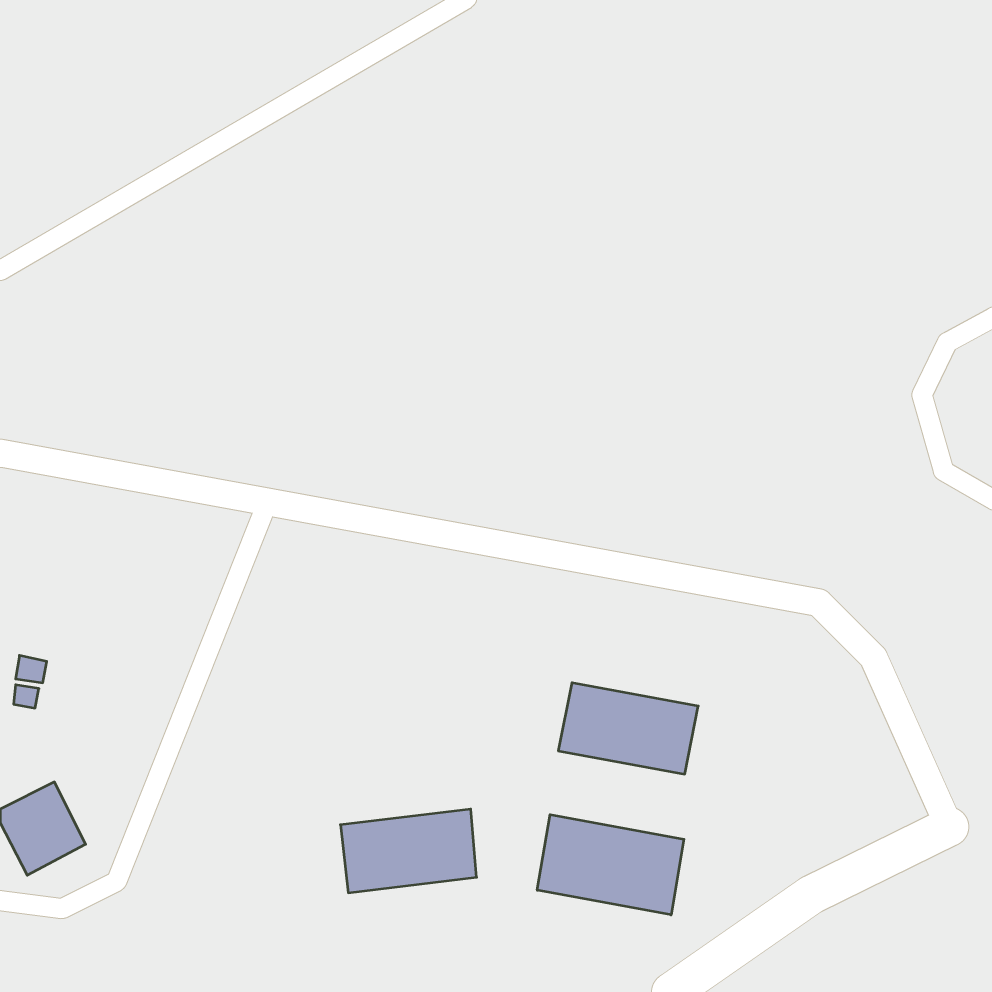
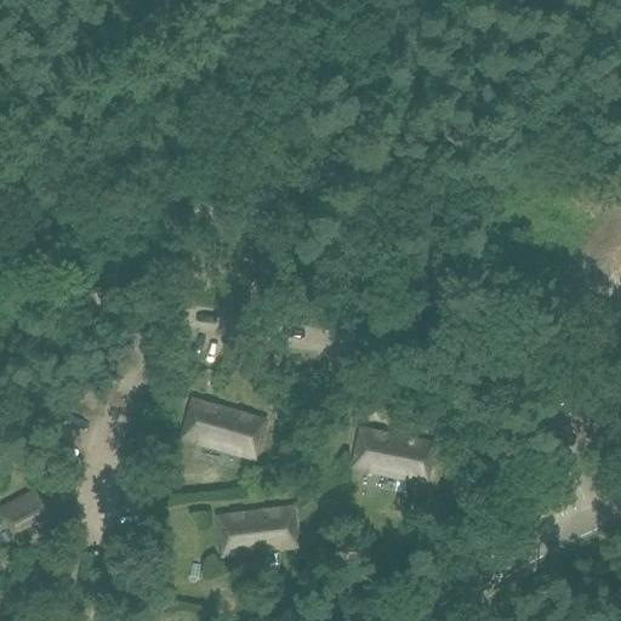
building: none -> [180,397,268,460]
building: [537,815,684,915] -> none

